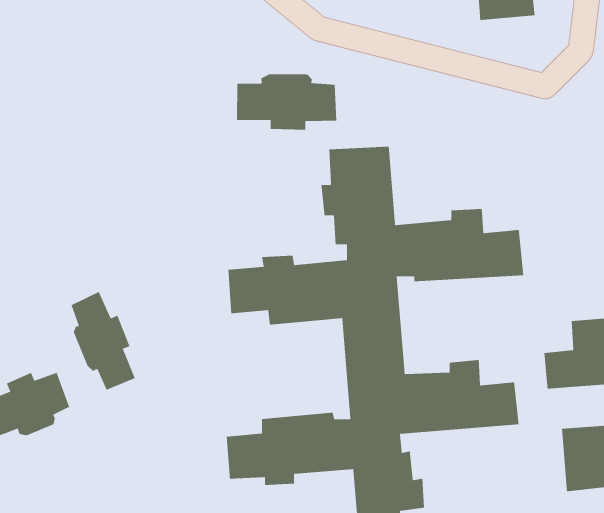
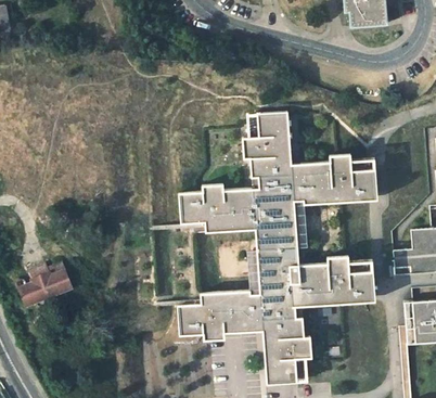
building: [236,73,337,130] -> none
building: [71,291,136,391] -> none

